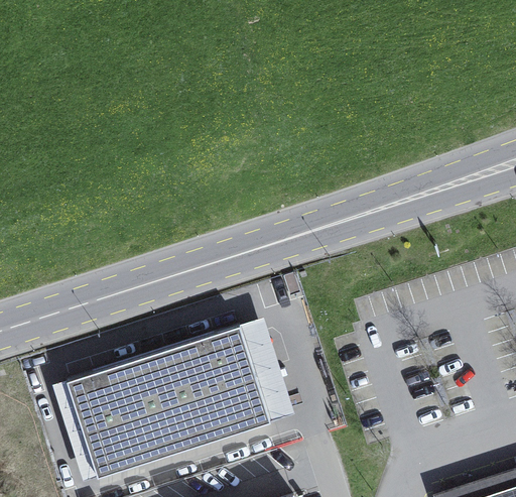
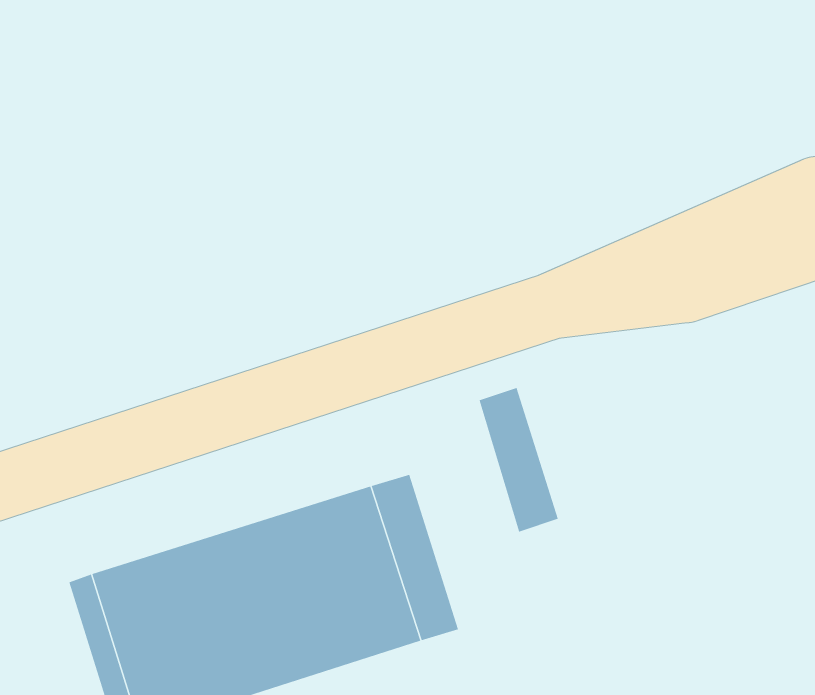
building: none -> [479,387,559,532]

